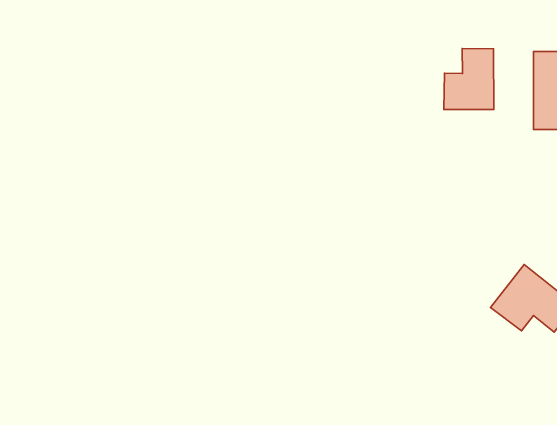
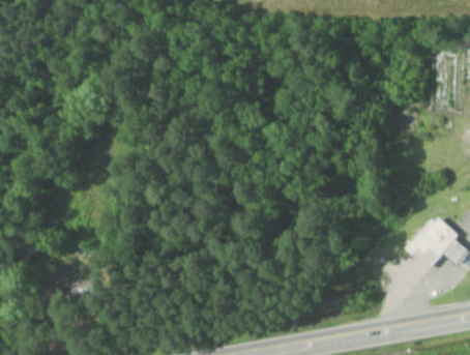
building: [444,48,494,110] -> none

